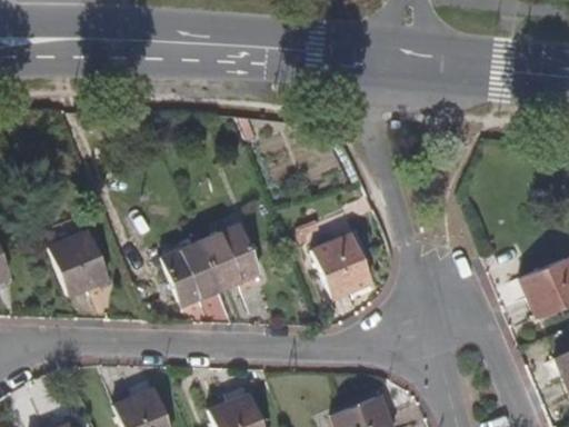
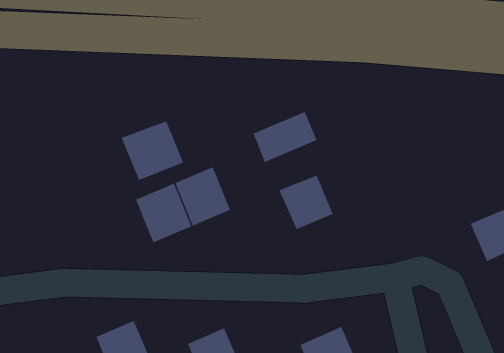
building: none -> [253,111,317,163]
building: none -> [121,120,184,181]
building: [46,234,106,295] -> none

